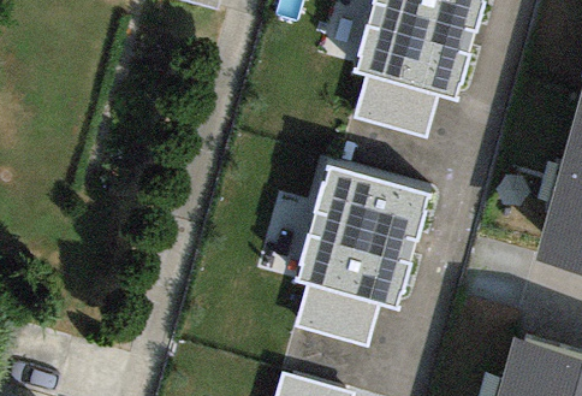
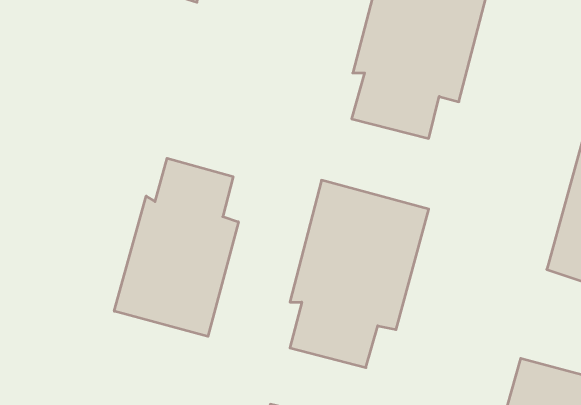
building: none -> [114,158,238,336]

